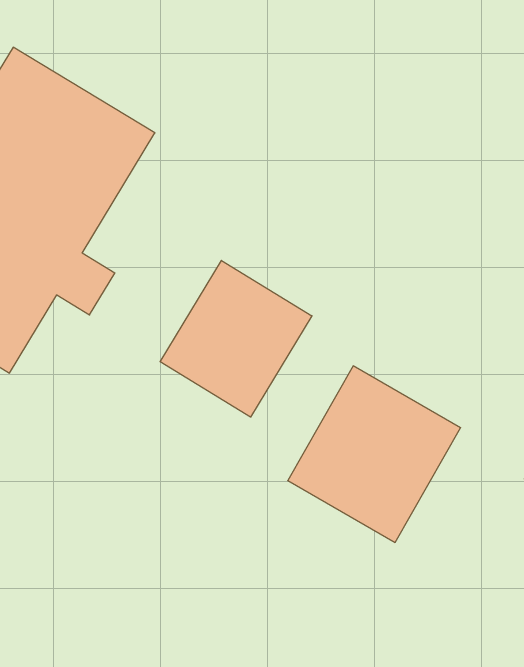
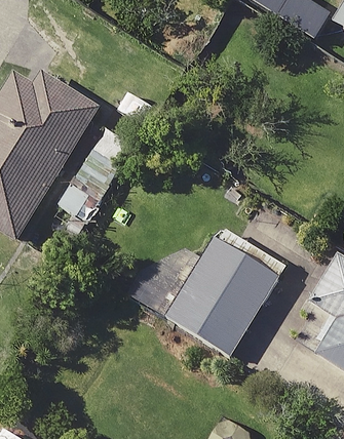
building: [160,260,312,417] -> none

